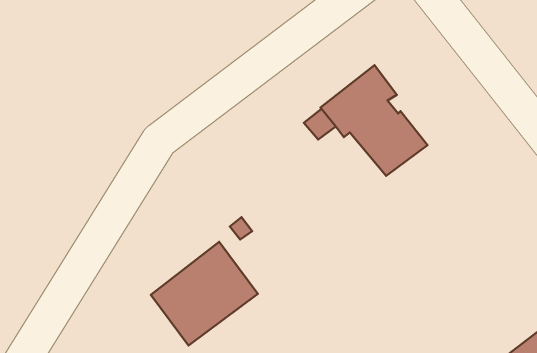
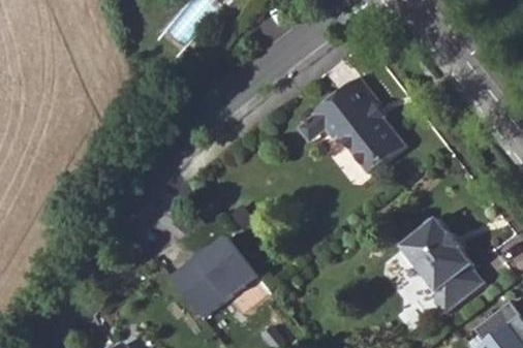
building: none -> [401,217,484,314]

